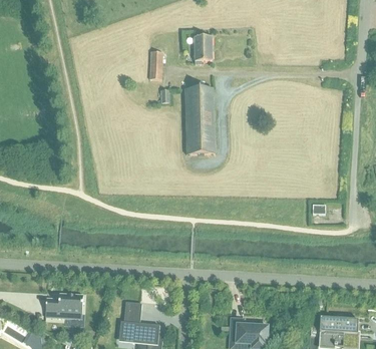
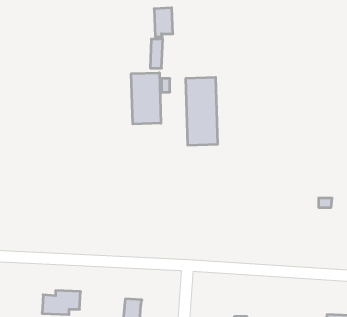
building: [194,34,212,62] -> [154,8,173,37]
building: none -> [131,73,161,124]

